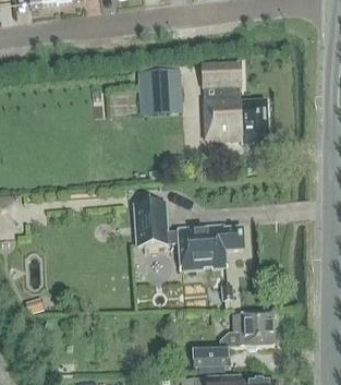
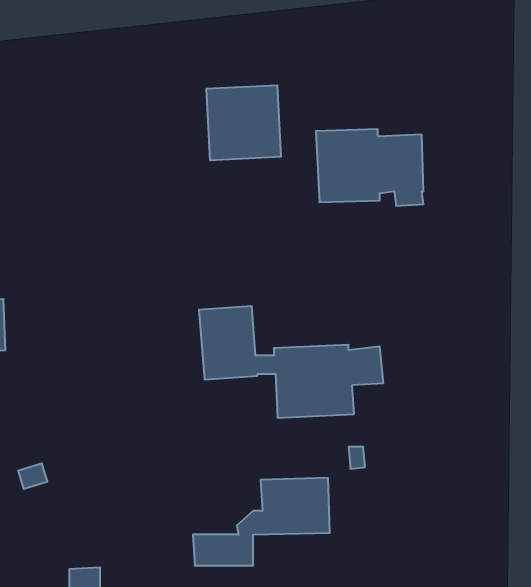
building: [200,61,241,87] -> none
building: [192,312,273,364] -> [193,478,330,566]

